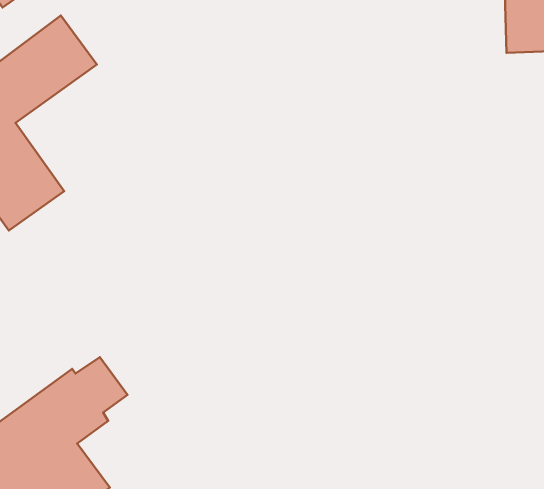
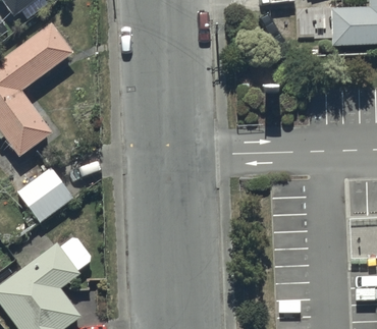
building: none -> [17,166,73,222]

